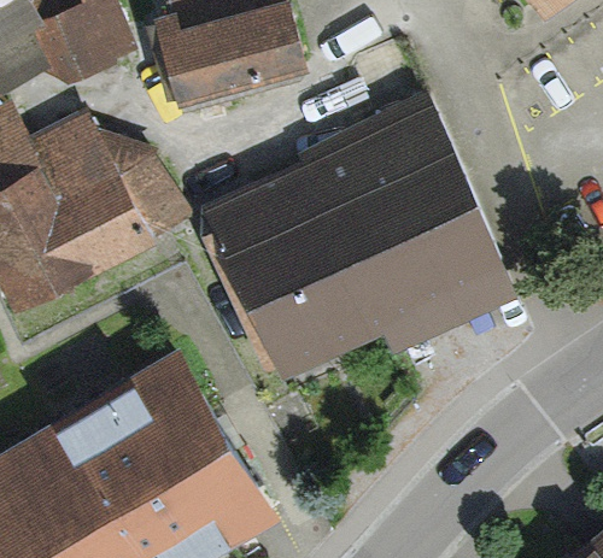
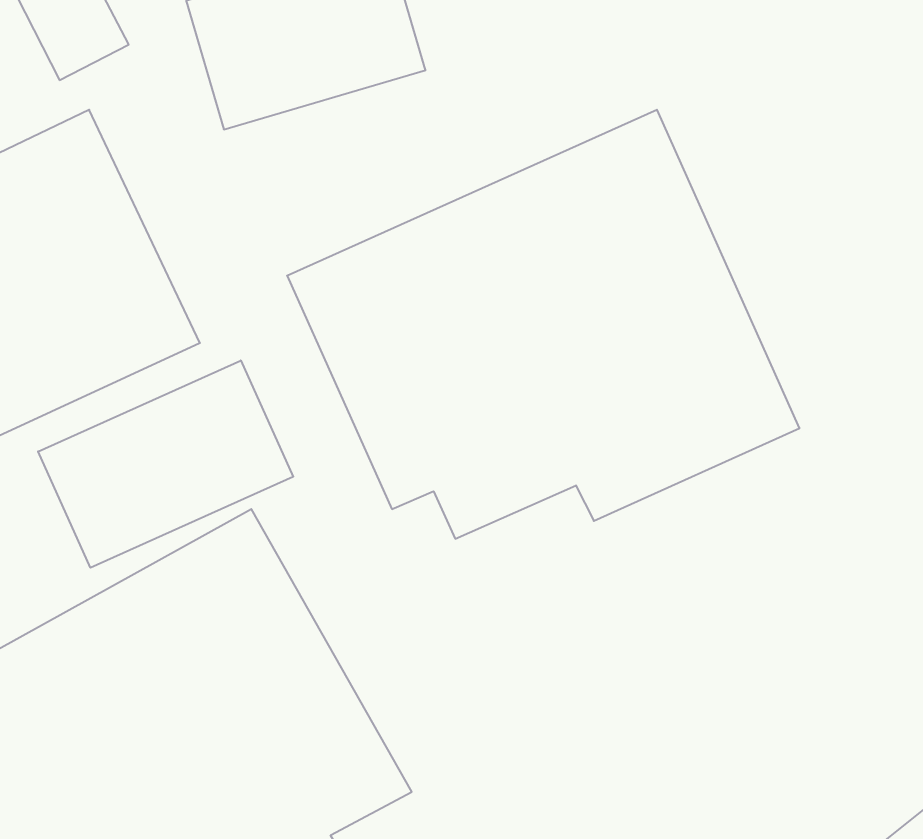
building: none -> [38,360,293,568]

